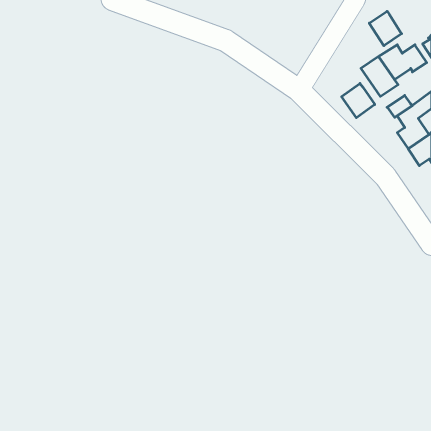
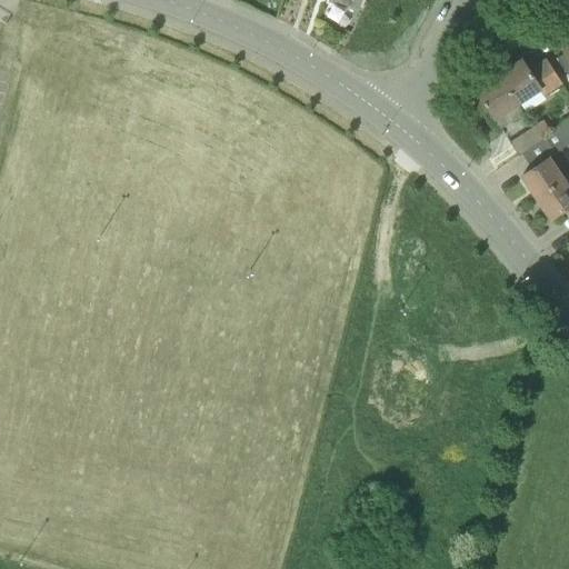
building: [369,11,402,46] -> none
building: [342,83,375,118] -> none

